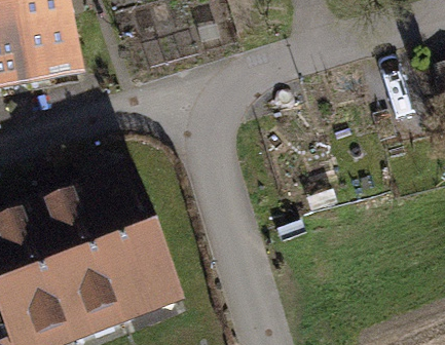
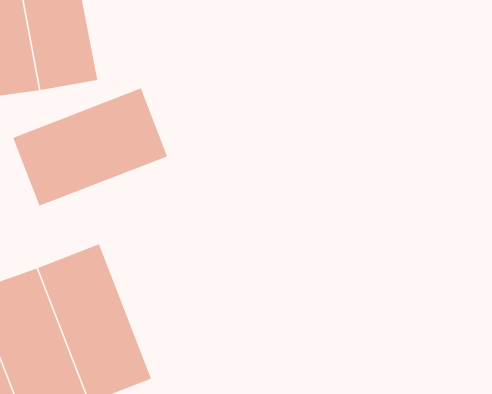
building: none -> [13,88,168,207]
building: [85,188,179,316] -> none

